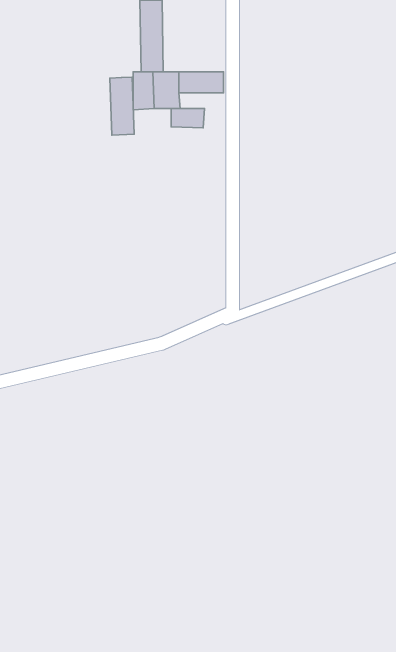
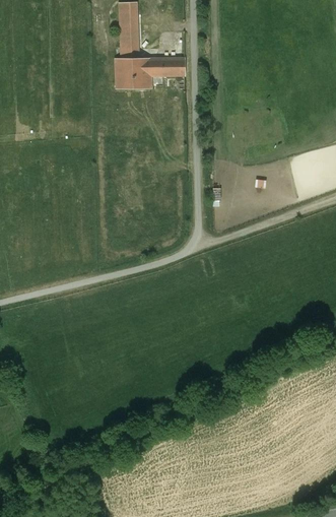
building: [110,77,134,135] -> none
building: [171,108,204,128] -> none

